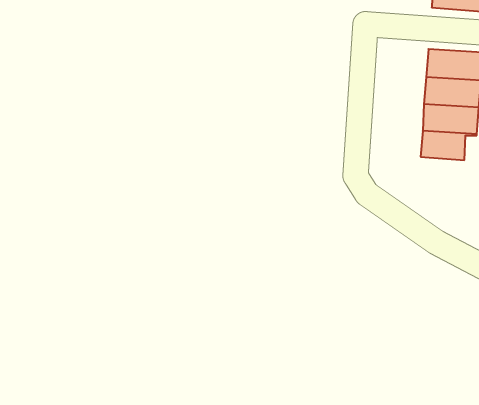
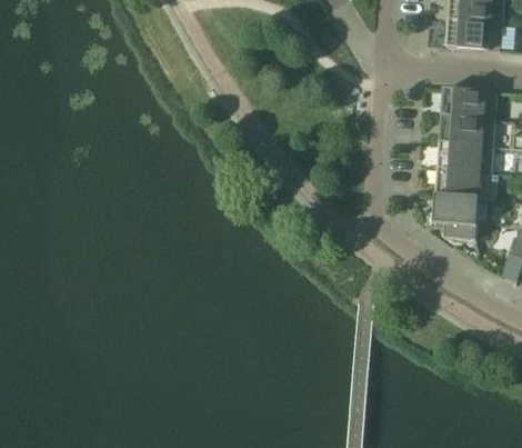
building: none -> [435,193,481,238]

